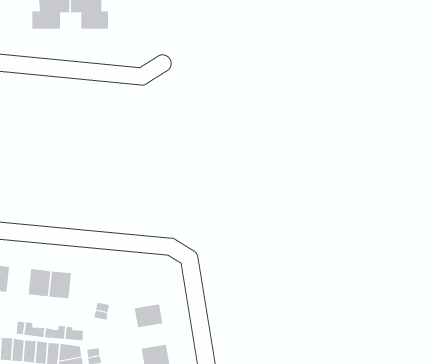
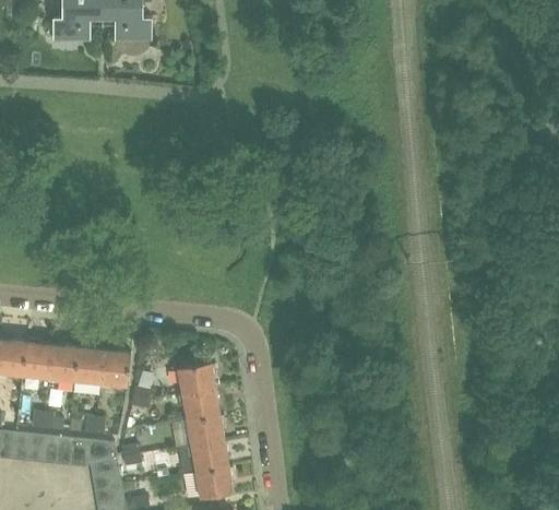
building: none -> [21,343,50,378]
building: none -> [99,351,130,387]
building: none -> [177,363,214,395]
building: none -> [186,415,223,447]

